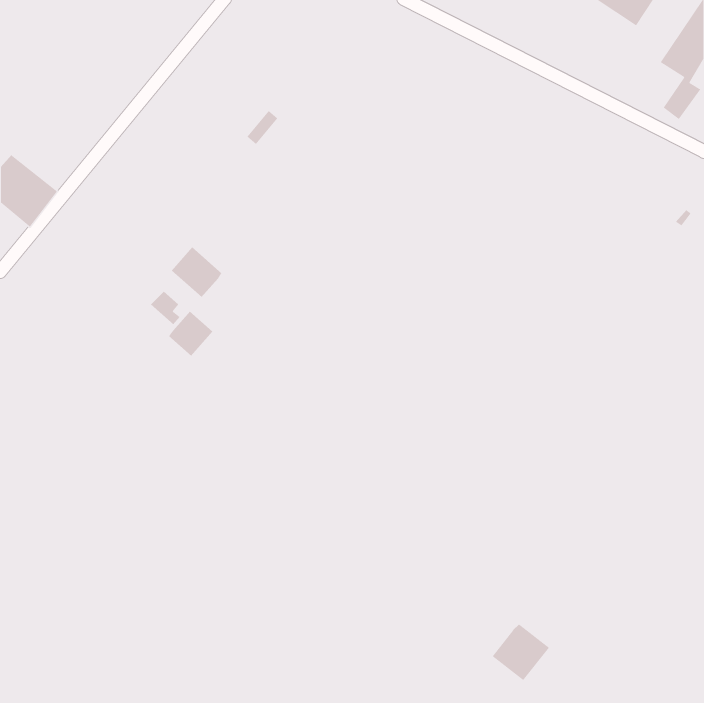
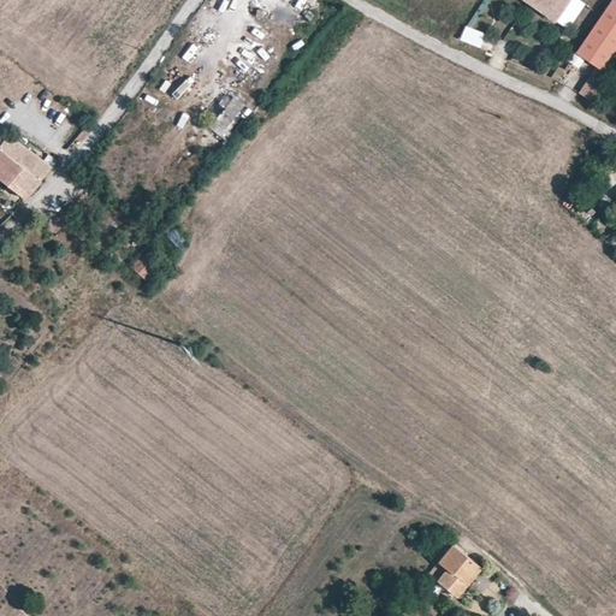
building: [171,247,223,298] -> none
building: [168,311,213,357] -> none

